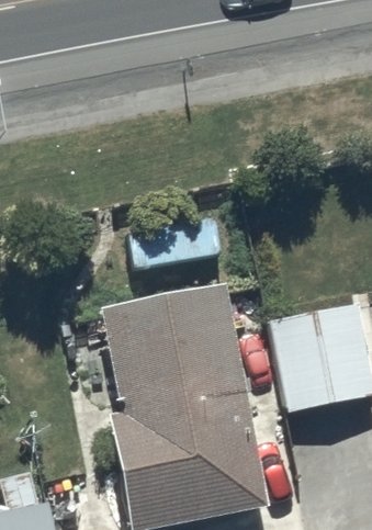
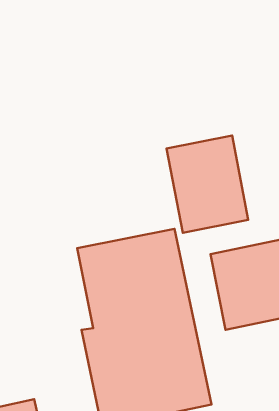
building: none -> [167,135,248,233]

